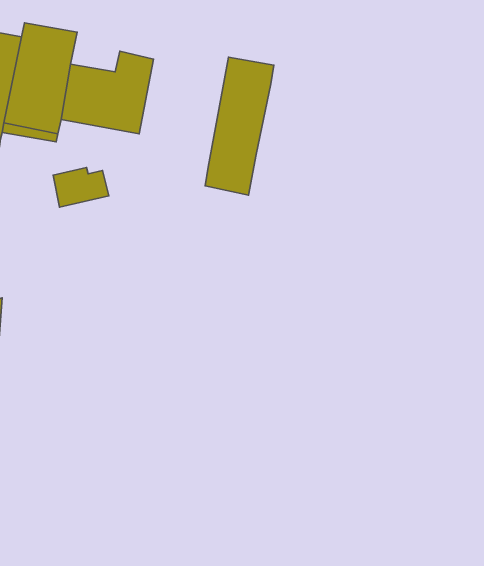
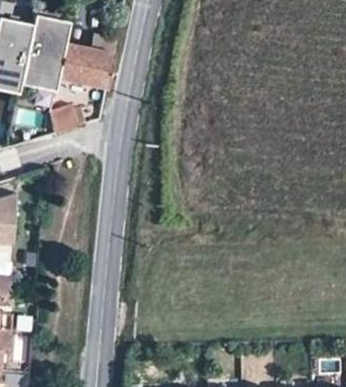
building: [205,57,274,195] -> none

